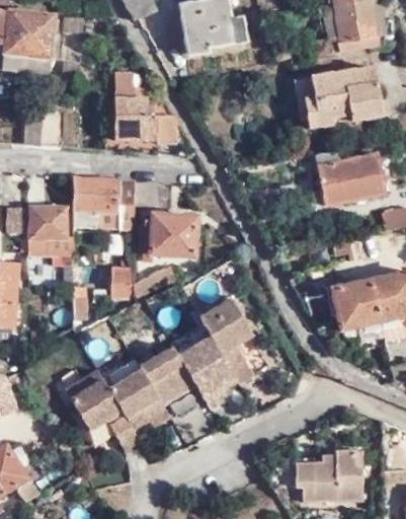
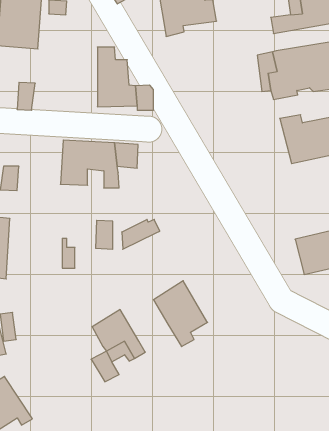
building: [27,207,71,288] -> none
building: [147,214,201,262] -> none
building: [197,296,252,380] -> none
building: [138,346,192,402] -> none
building: [63,368,119,425] -> none
building: [298,446,362,496] -> none

